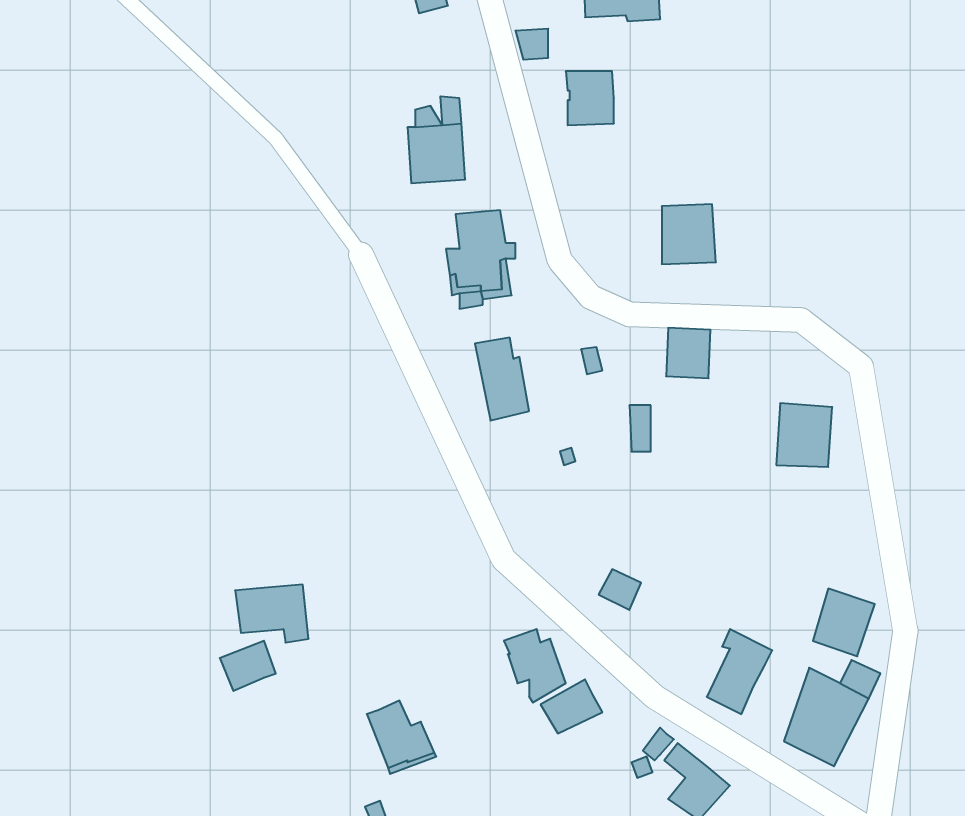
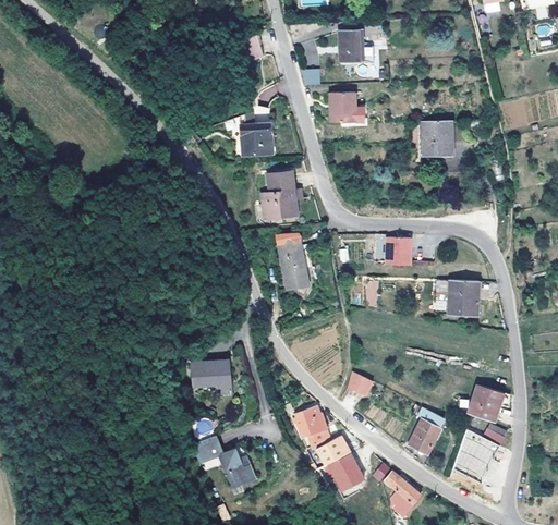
building: [662,204,716,264] -> [423,120,453,154]
building: [235,585,309,643] -> [191,359,232,392]
building: [220,641,276,691] -> [192,434,223,462]
building: none -> [323,453,364,491]

